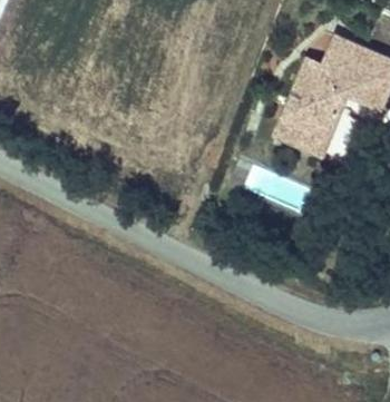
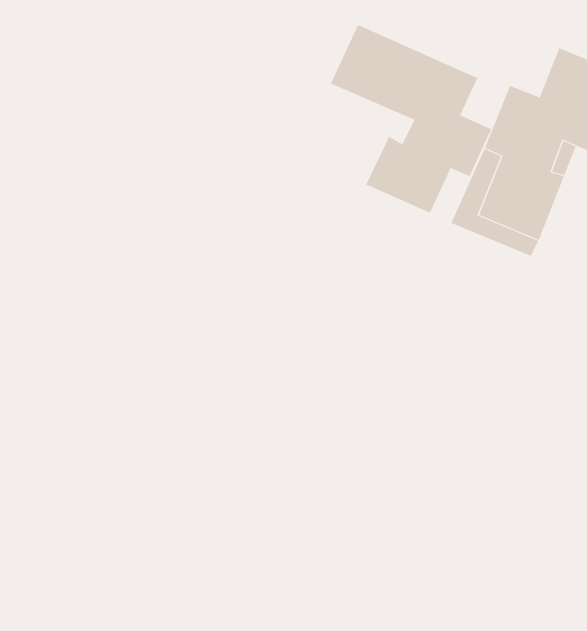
building: none -> [330,24,492,213]

